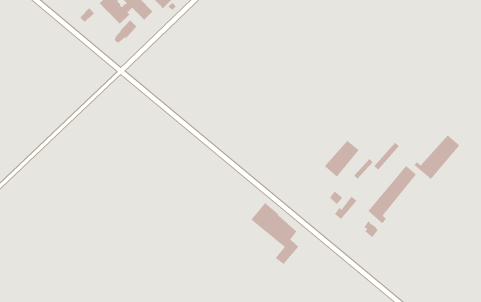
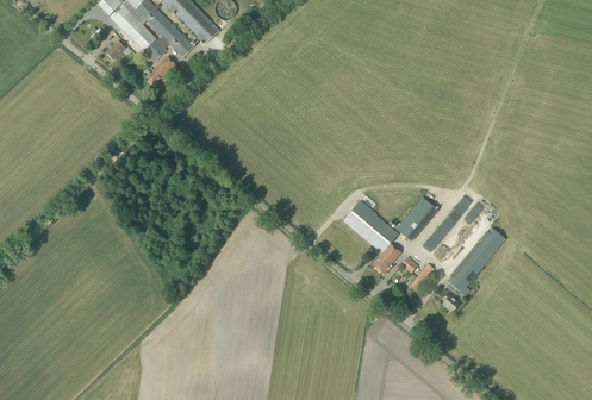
building: [414,134,460,180] -> none
building: [251,202,299,265] -> [342,199,399,273]

